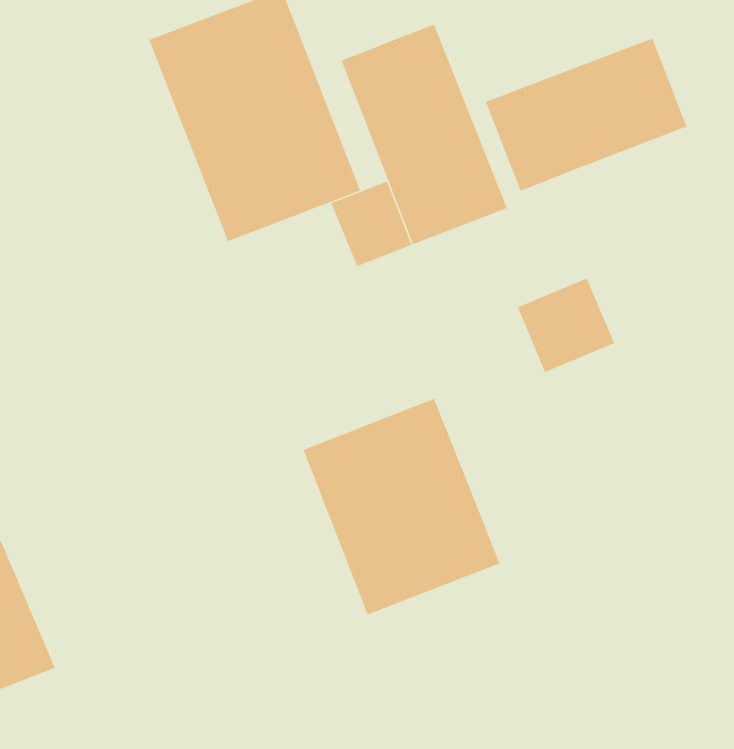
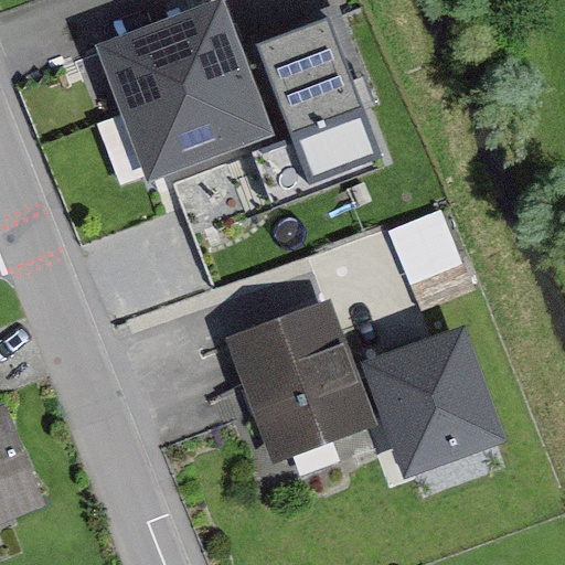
building: [485,38,687,192] -> none
building: none -> [353,324,503,482]

